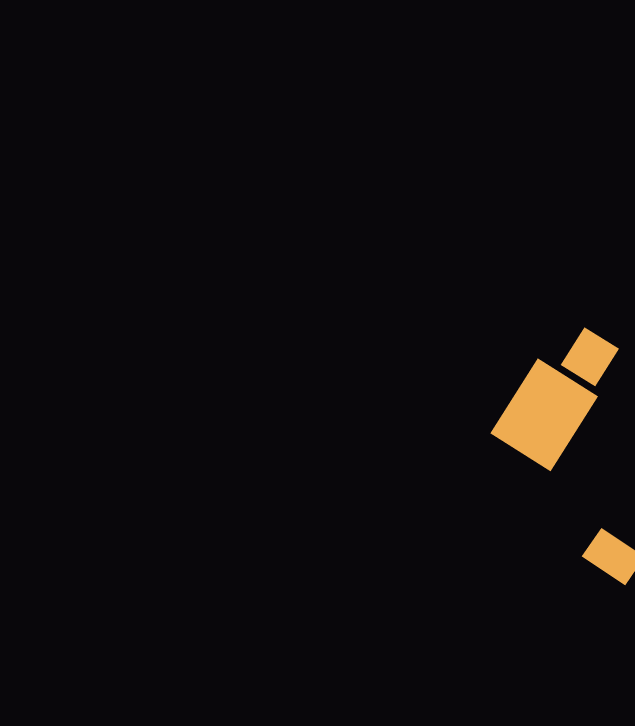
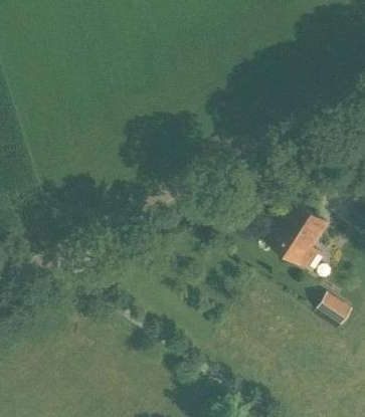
building: [559,326,620,388] -> none

